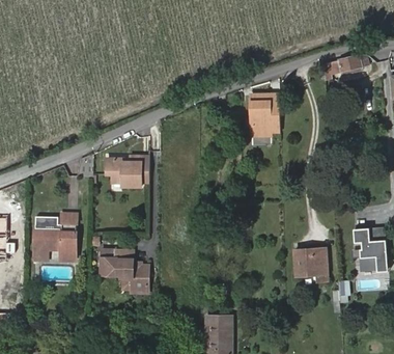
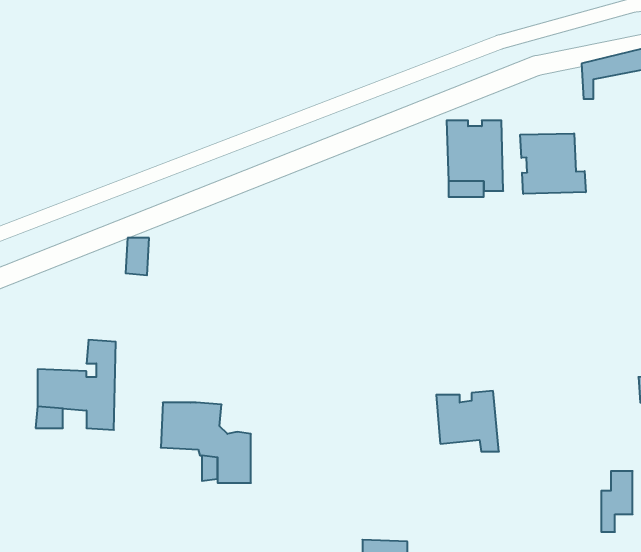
building: none -> [520,133,586,194]
building: [106,154,149,183] -> none
building: [293,249,327,281] -> [436,391,499,452]

